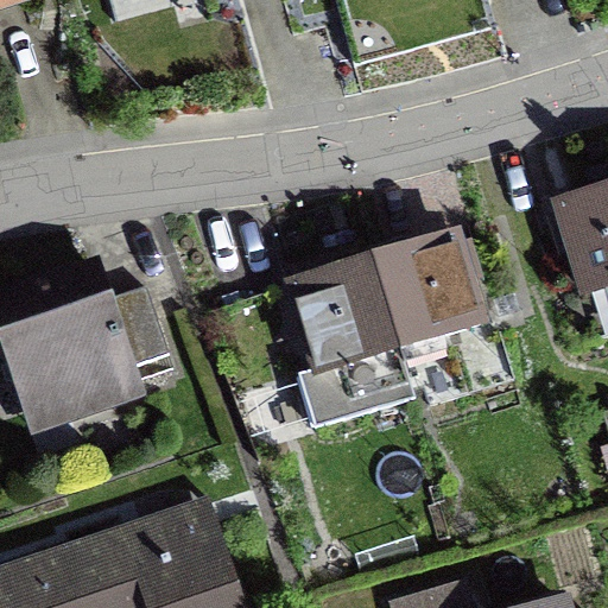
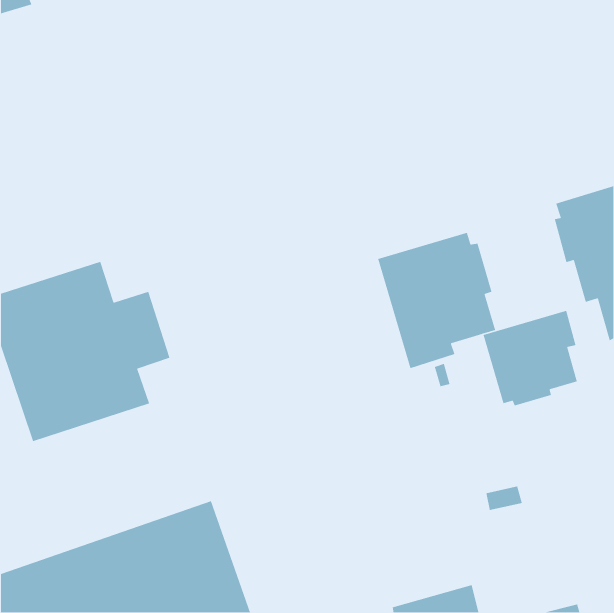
building: [239,255,416,448] -> none
building: none -> [482,310,578,407]

